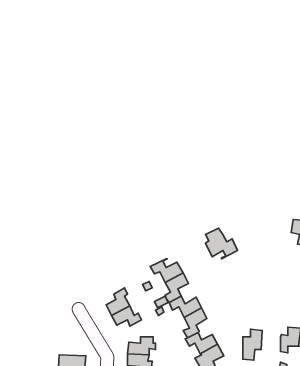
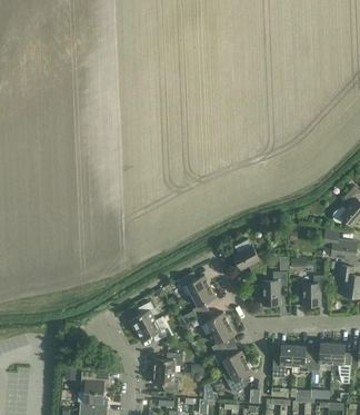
building: none -> [258,271,287,306]
building: none -> [302,276,327,307]
building: none -> [291,347,311,373]

